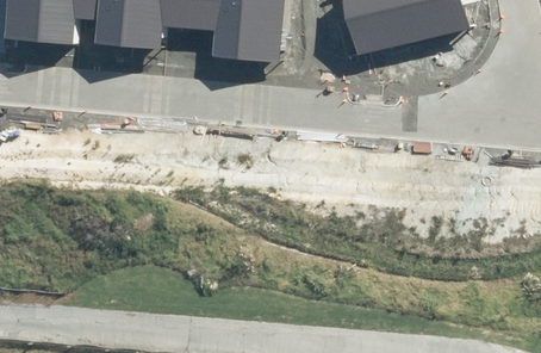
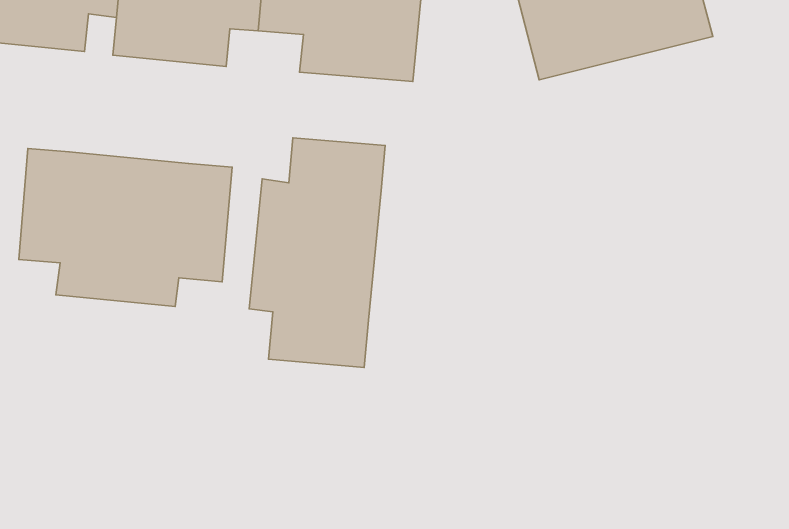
building: none -> [249,138,385,368]
building: none -> [19,149,232,306]

